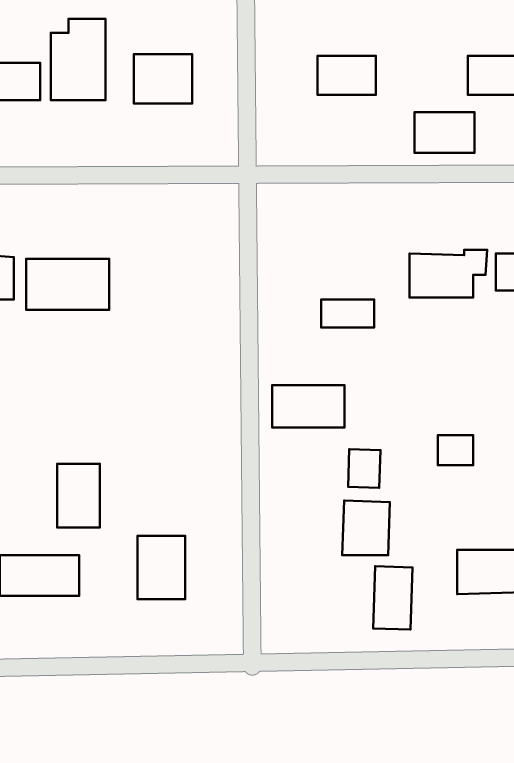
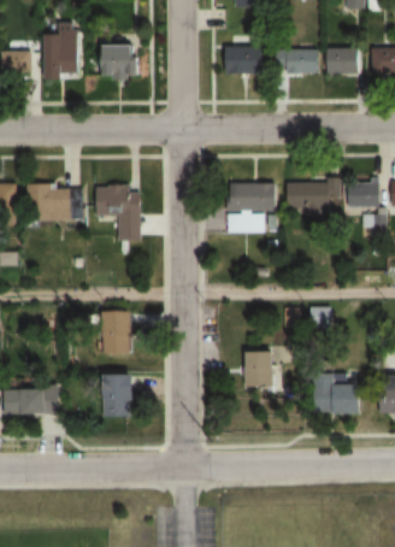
building: [415,112,475,153] -> [278,45,319,72]
building: none -> [95,186,142,242]
building: [272,385,344,428] -> [226,181,276,210]
building: [348,449,380,488] -> none
building: [57,464,100,527] -> [101,311,130,354]
building: [373,566,413,630] -> none

